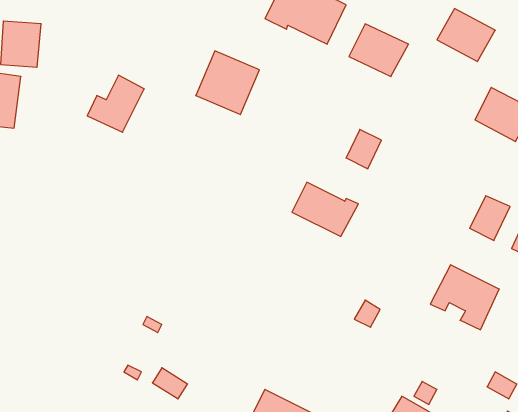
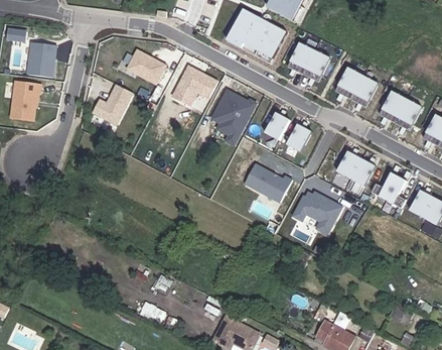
building: [437,9,495,61] -> [334,68,378,107]
building: none -> [125,47,168,85]
building: none -> [209,87,258,145]
building: none -> [263,111,290,141]
building: none -> [333,149,375,193]
building: [430,265,499,330] -> [292,187,343,235]

